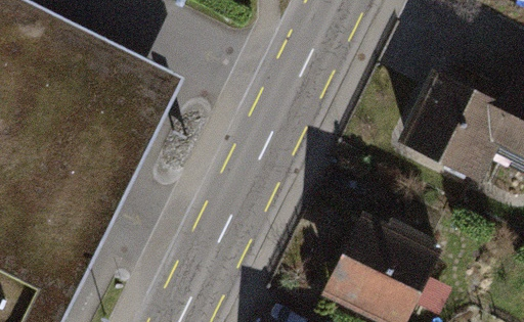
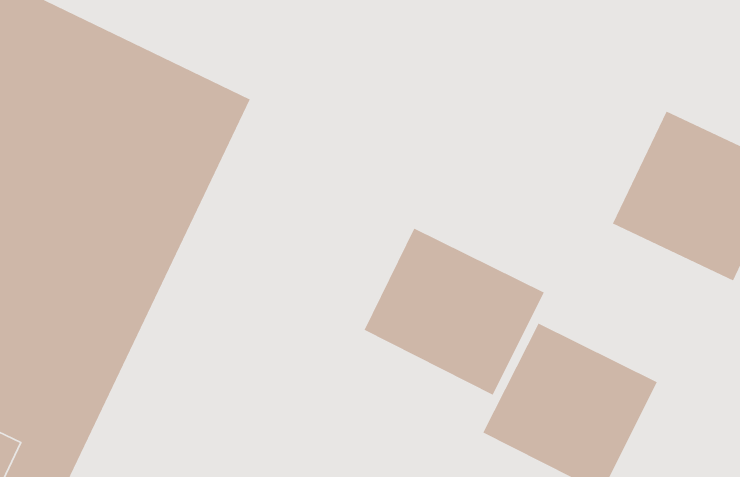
building: none -> [364,227,545,396]

